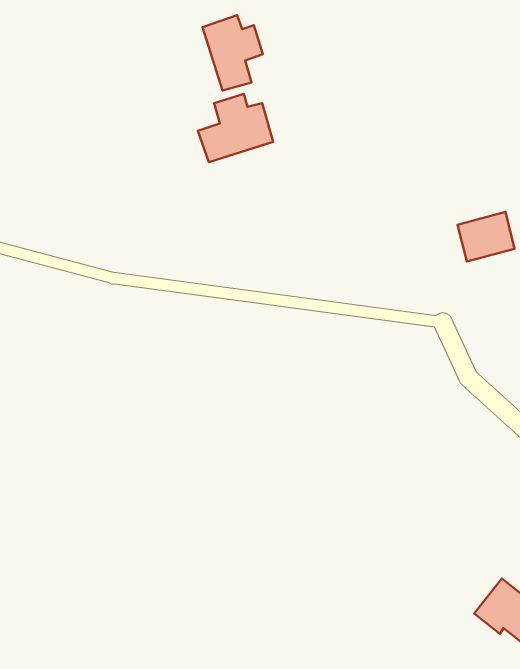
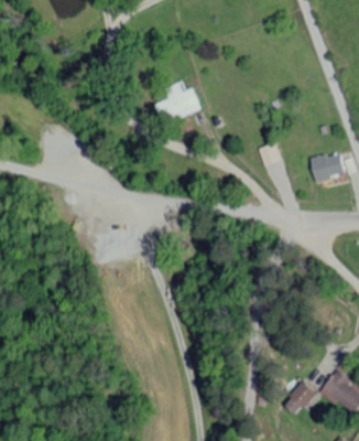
building: [203,15,263,91] -> none
building: none -> [282,383,315,415]

